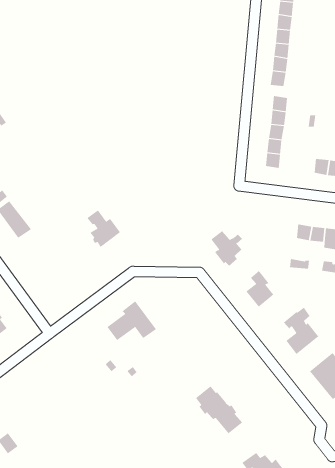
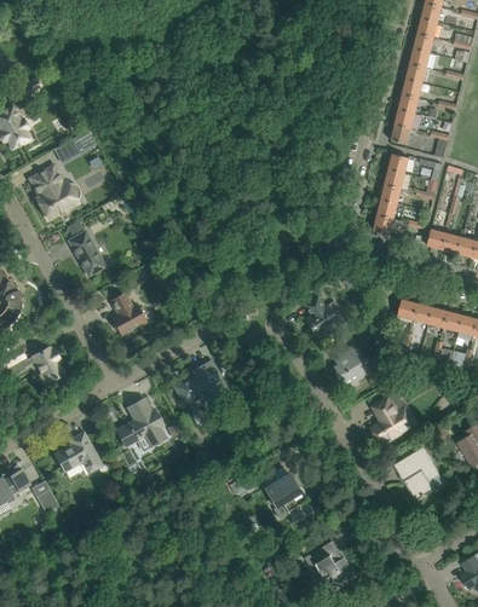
building: [86,210,121,248] -> [110,293,146,335]
building: none -> [116,398,166,451]
building: none -> [54,430,103,474]

